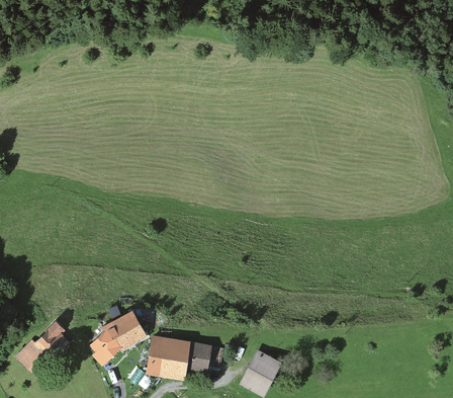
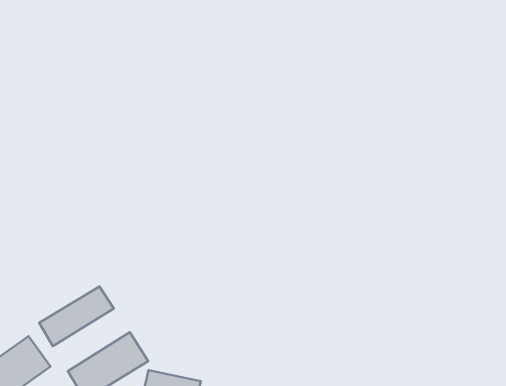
building: none -> [39,286,114,346]

